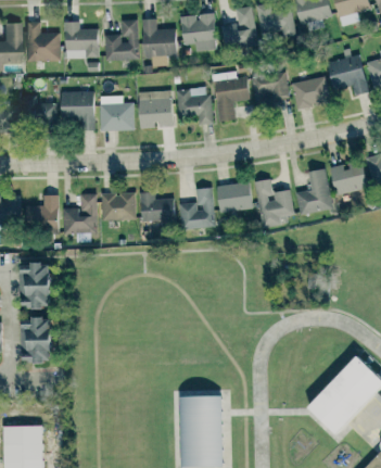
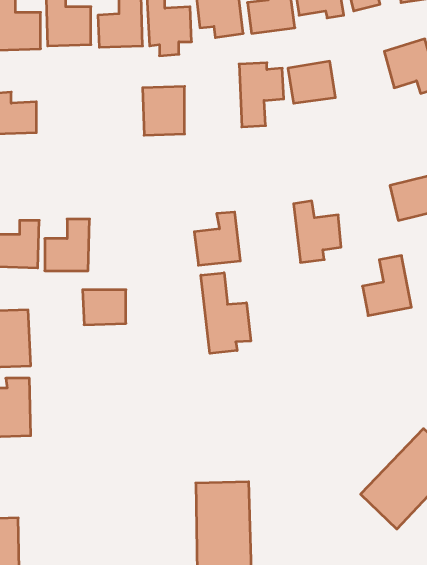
building: [292,77,329,107] -> none
building: [176,86,213,125] -> none
building: [61,91,96,130] -> none
building: [100,96,135,130] -> none
building: [295,168,333,215] -> [362,256,411,316]
building: [216,181,253,213] -> none
building: [139,191,175,223] -> none
building: [101,193,135,220] -> [83,290,126,325]
building: none -> [201,273,251,353]

